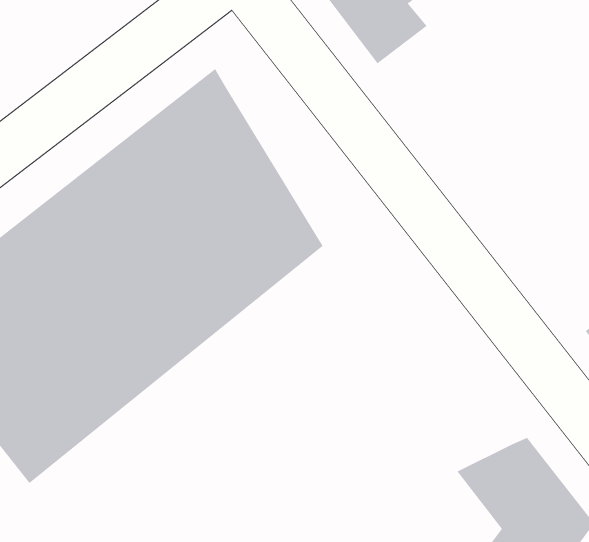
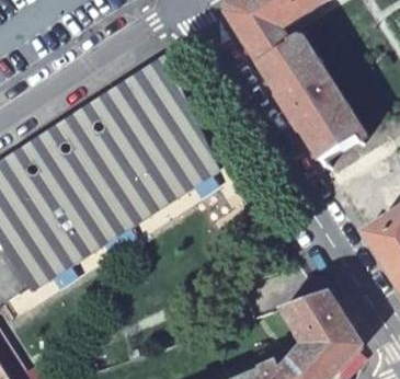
building: none -> [258,36,364,158]

